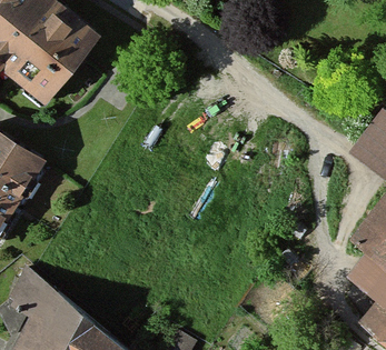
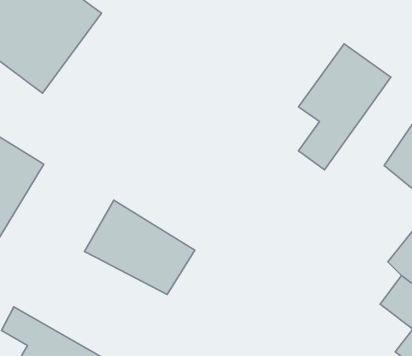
building: none -> [299,44,391,170]
building: none -> [84,200,195,294]

